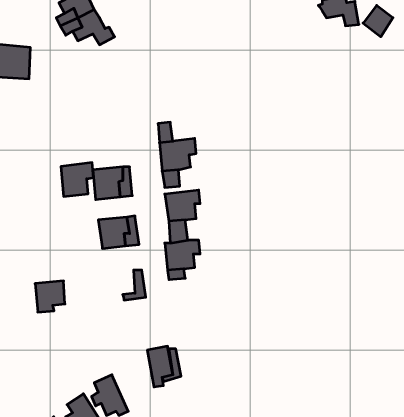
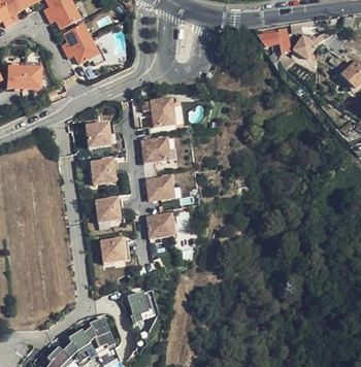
building: none -> [140,96,173,124]
building: [61,163,94,196] -> [85,120,109,145]
building: [35,281,65,312] -> [99,236,122,260]

